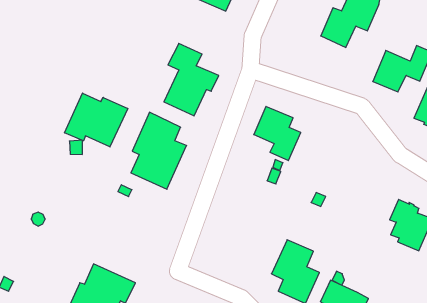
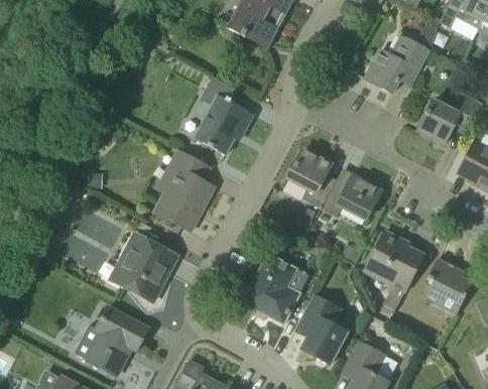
building: [65,93,128,147] -> none
building: none -> [323,176,381,222]
building: none -> [365,232,423,310]
building: none -> [111,234,177,301]
building: none -> [244,254,300,323]

